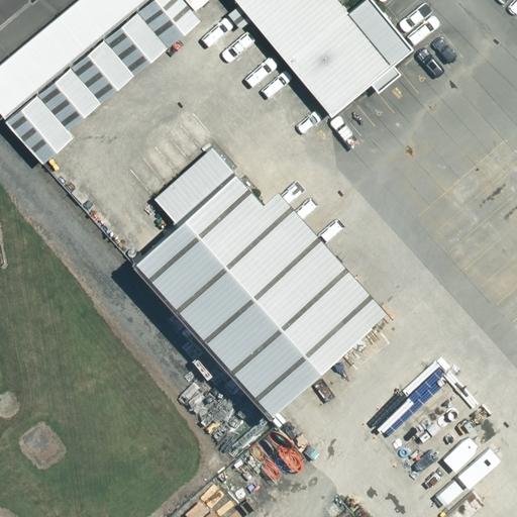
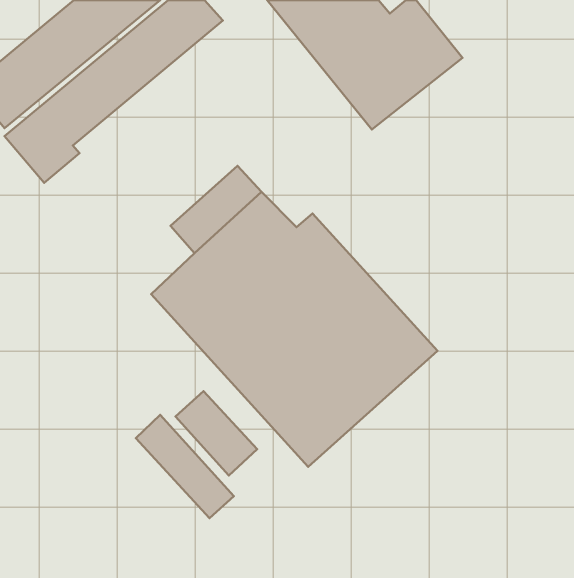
building: none -> [176,391,257,475]
building: none -> [136,415,234,518]

